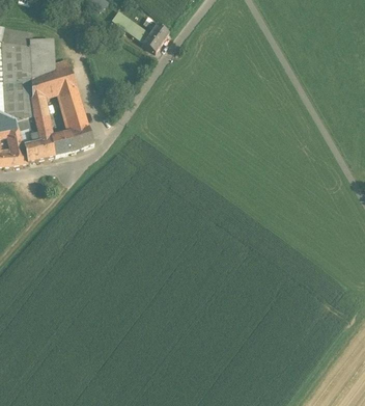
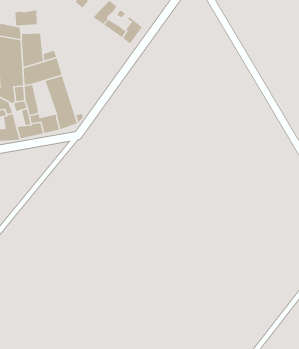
building: none -> [14,9,37,26]

